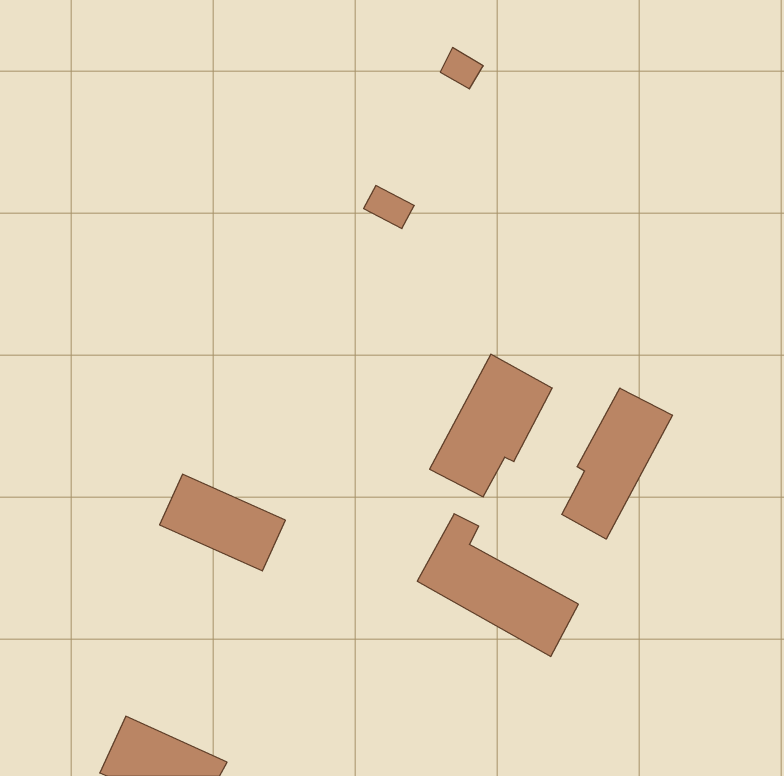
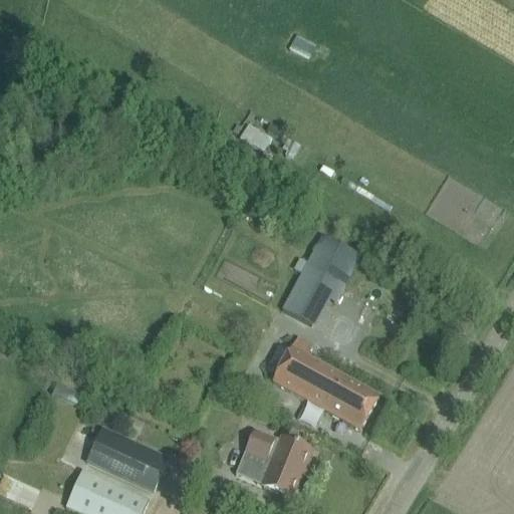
building: [562,388,672,539] -> none
building: [160,474,285,571] -> [86,426,169,489]
building: none -> [241,428,313,495]

